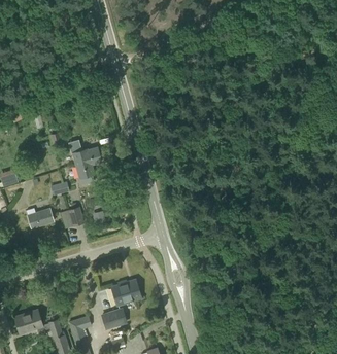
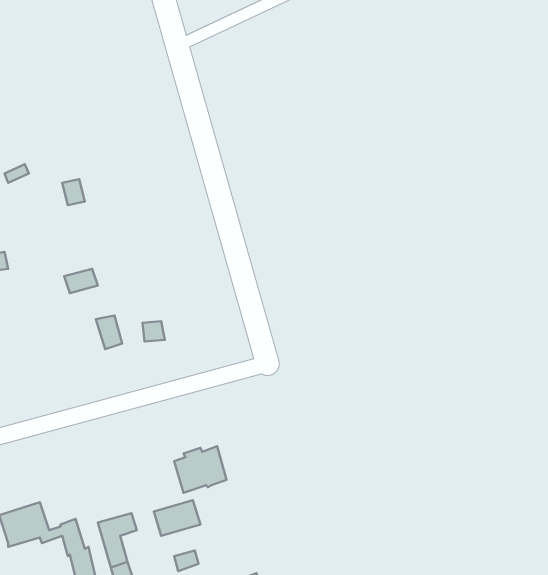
building: [68,139,101,184] -> none
building: [26,207,54,227] -> none

